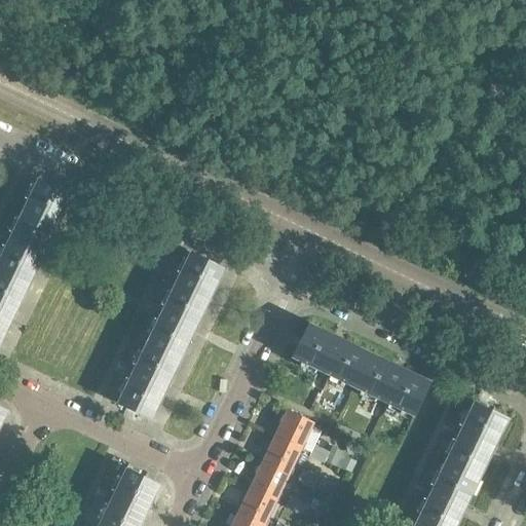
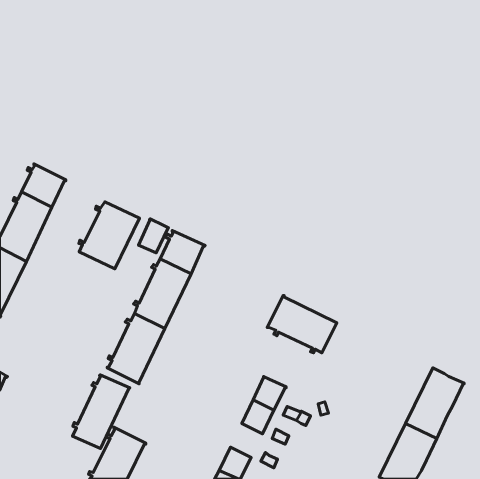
building: none -> [79,202,140,269]
building: none -> [139,219,169,253]
building: [351,352,428,415] -> none
building: none -> [73,375,130,448]
building: [252,462,287,499] -> none

